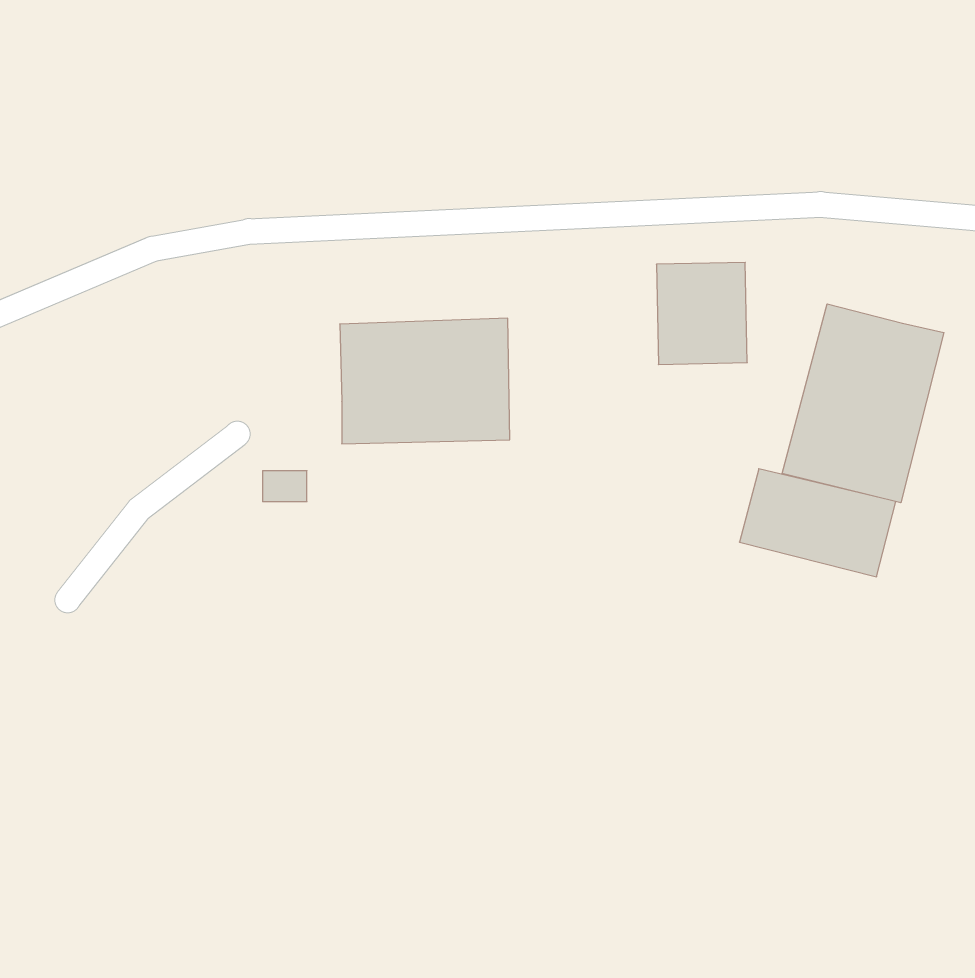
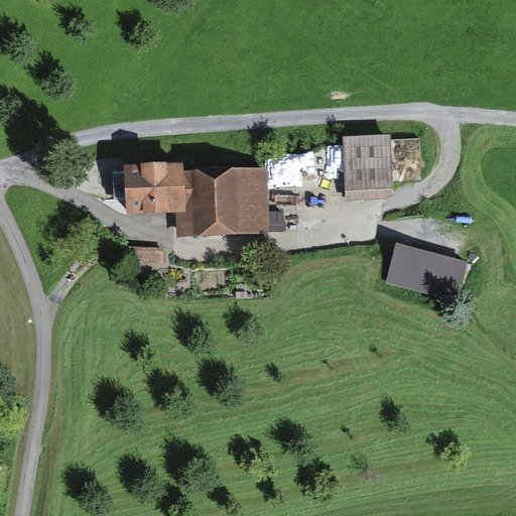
building: [782,304,944,503] -> none
building: none -> [126,164,178,211]

